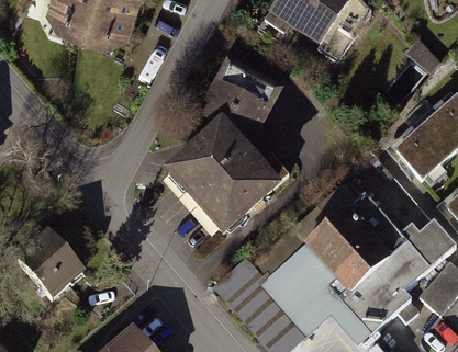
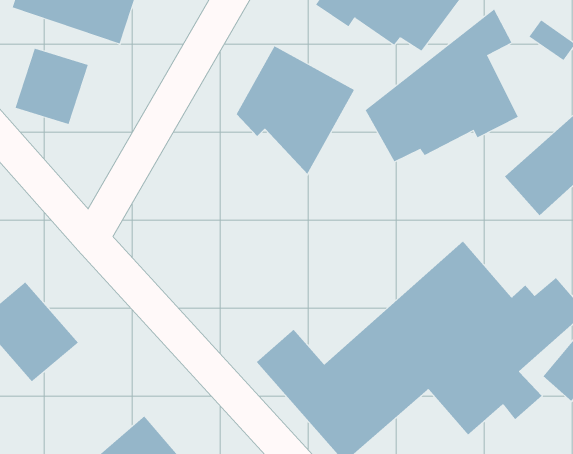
building: none -> [365,8,519,162]
building: none -> [15,48,89,125]
building: [165,115,284,235] -> none

